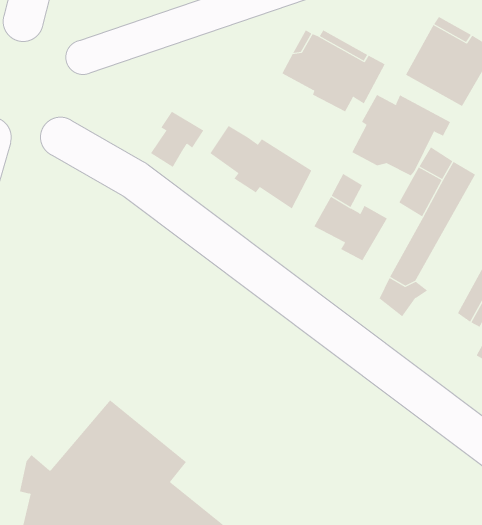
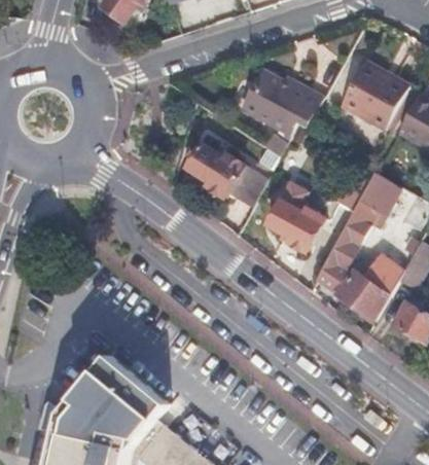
building: [351,94,451,176] -> none
building: [150,111,204,168] -> none
building: none -> [336,272,386,319]

